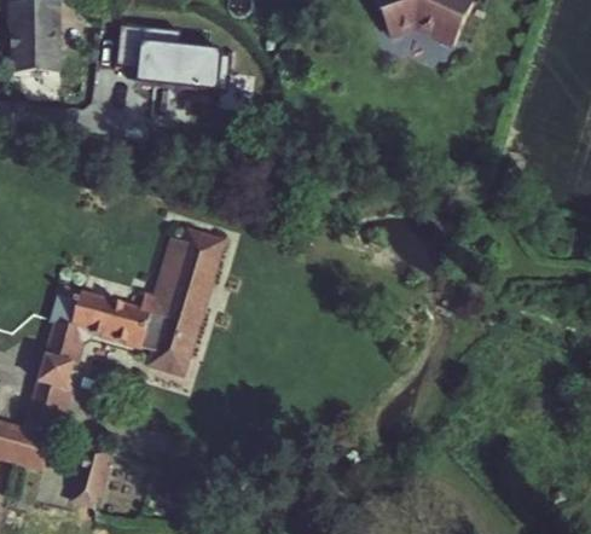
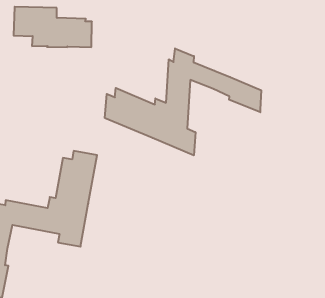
building: none -> [105,48,261,155]

